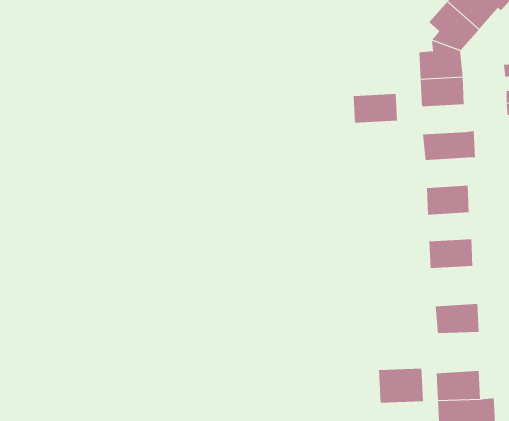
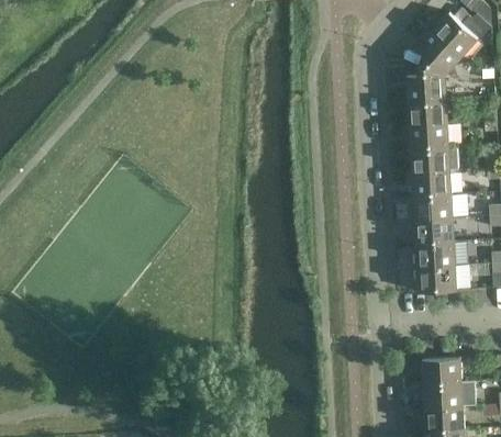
building: [353,93,398,123] -> [410,122,449,148]
building: none -> [413,169,452,195]
building: none -> [415,217,455,243]
building: [435,304,480,333] -> [417,265,457,291]
building: [378,368,423,404] -> none

